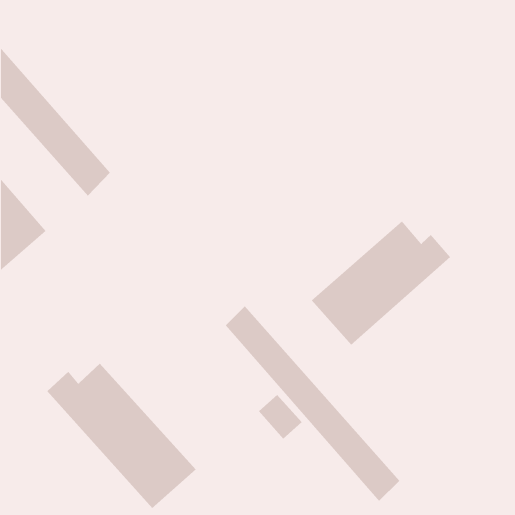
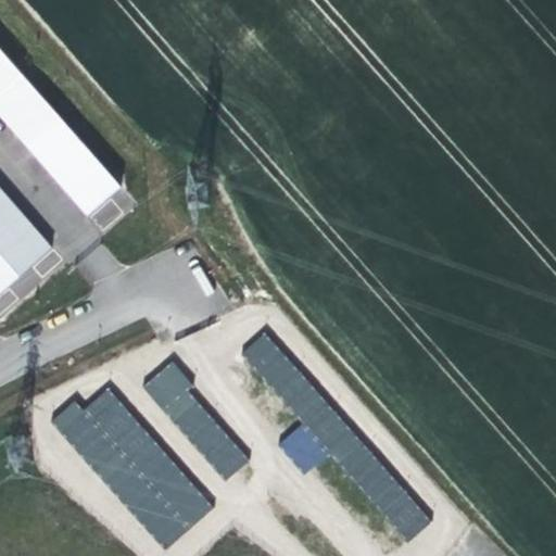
building: [311,220,451,345] -> none
building: none -> [146,362,249,479]

